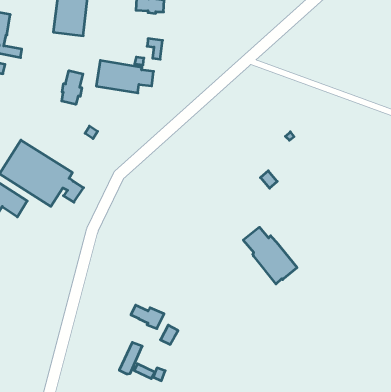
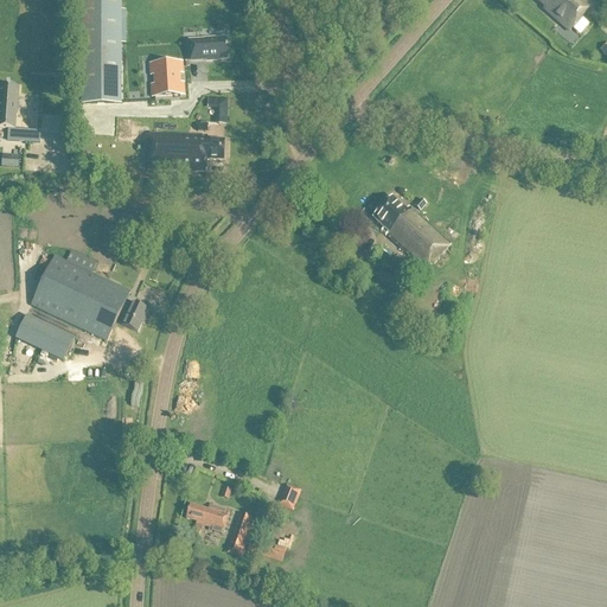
building: none -> [152,63,189,100]
building: [62,71,83,104] -> none
building: [243,227,297,284] -> [371,194,449,269]
building: [131,305,164,329] -> [184,501,229,530]

